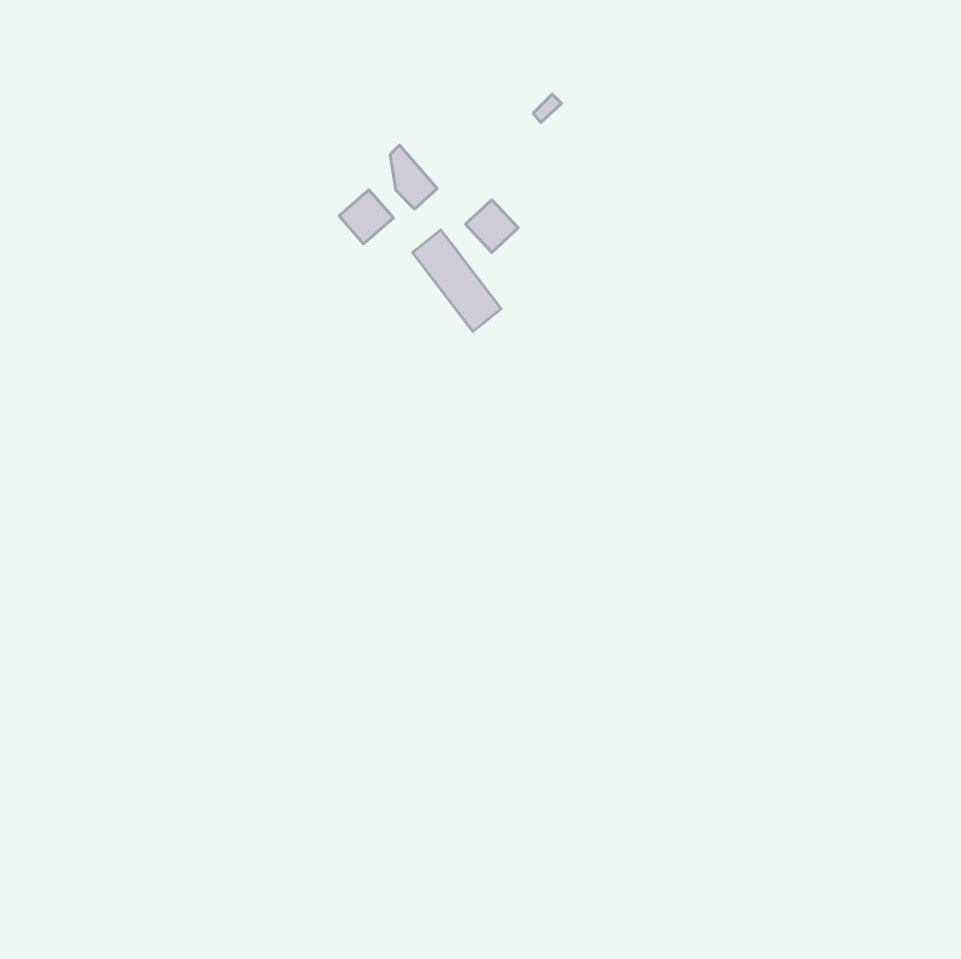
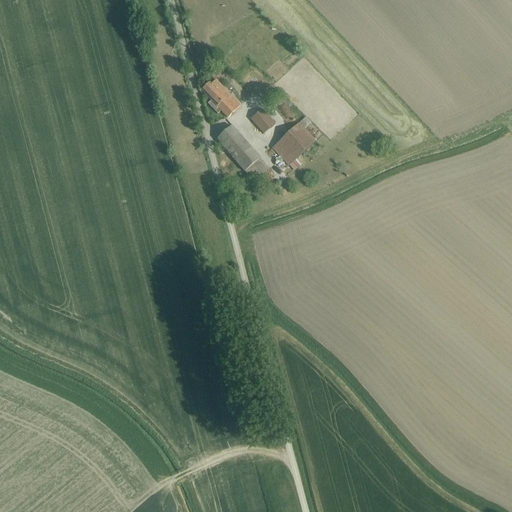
building: [339,190,393,244] -> none
building: none -> [269,122,315,167]

